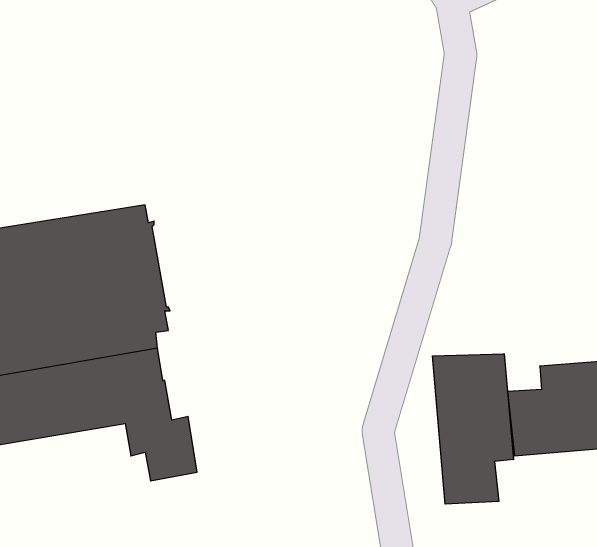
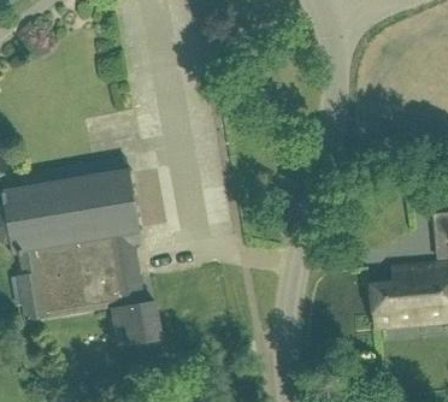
building: [433,354,514,504] -> none

